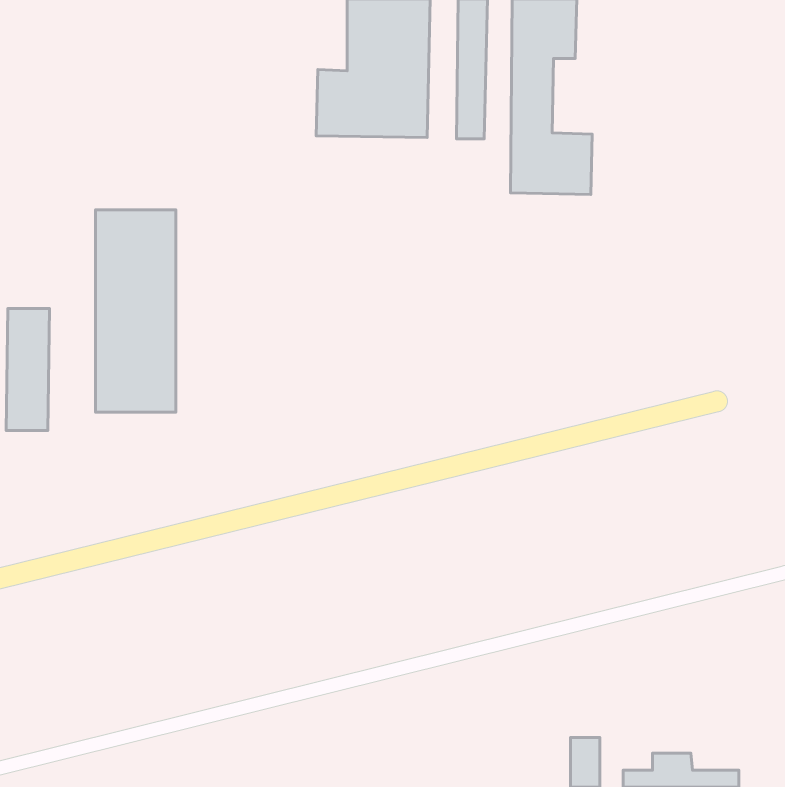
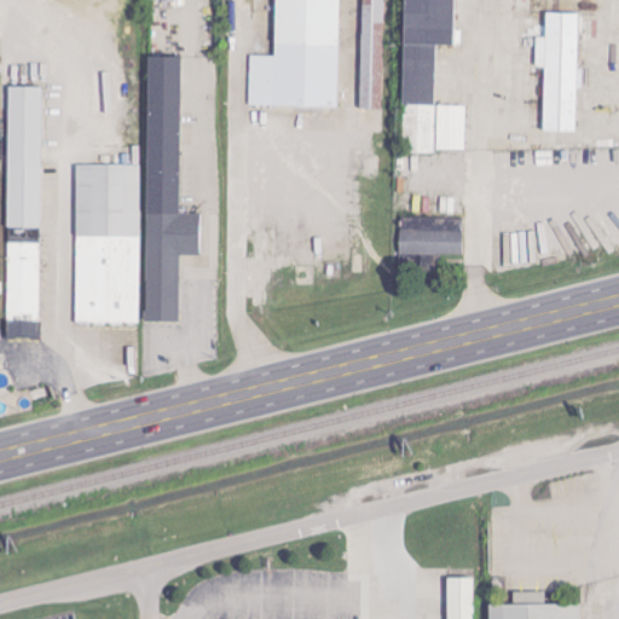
building: none -> [534,12,577,132]
building: none -> [143,56,198,322]
building: none -> [5,86,41,228]
building: none -> [398,218,461,255]

